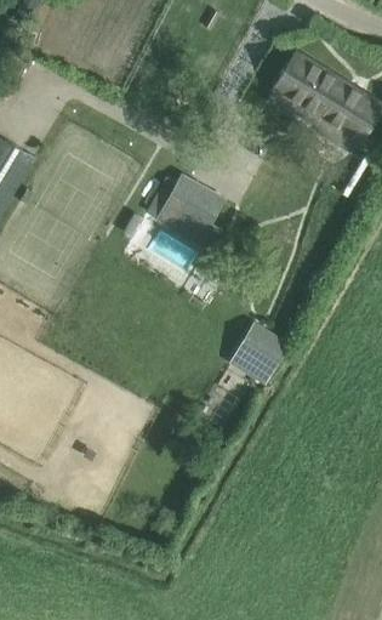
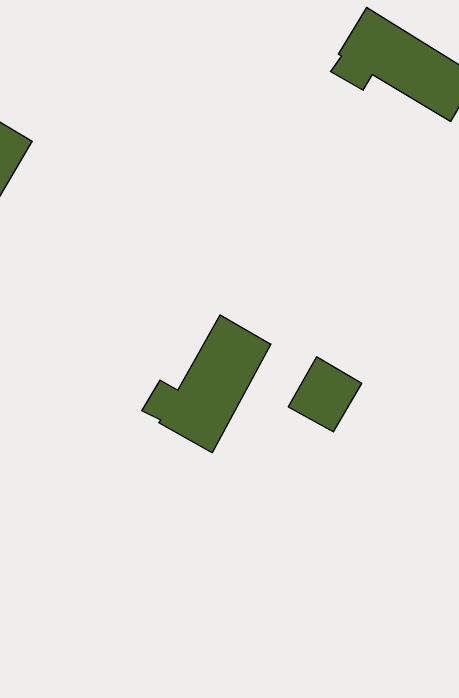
building: [156,176,223,250] -> none
building: none -> [142,315,271,453]

